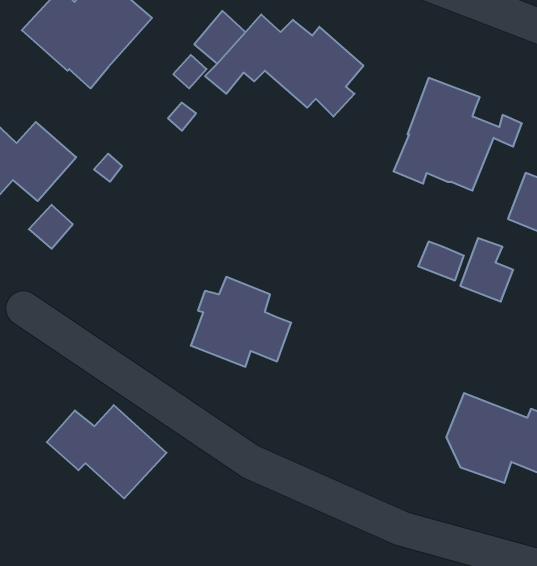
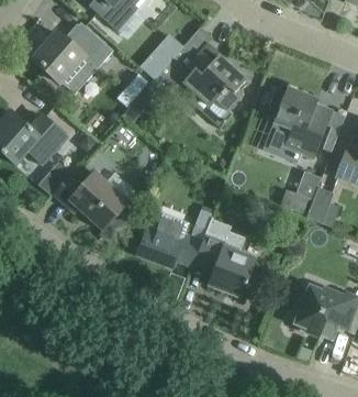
building: none -> [194,219,257,298]
building: [47,405,167,498] -> [54,172,128,230]

